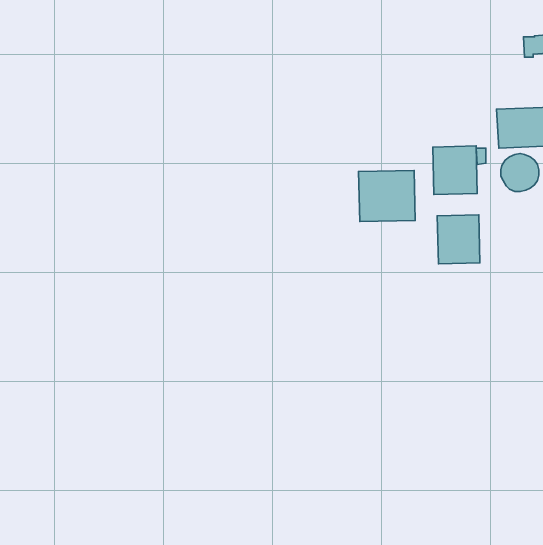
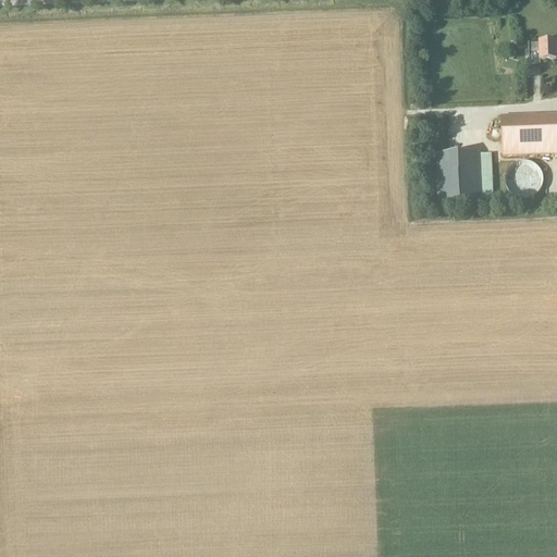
building: [359,171,415,222] -> none
building: [437,215,480,264] -> none

